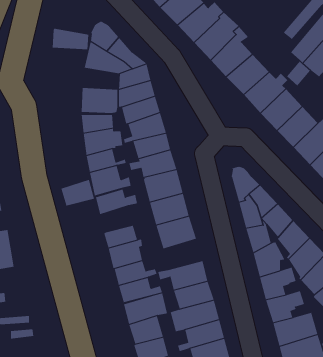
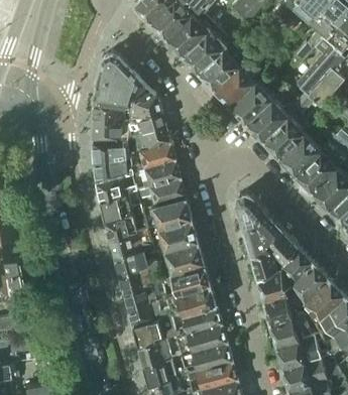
building: [52,28,89,50] -> [93,100,129,121]
building: [61,179,95,206] -> [110,234,143,260]
building: none -> [161,266,211,296]

